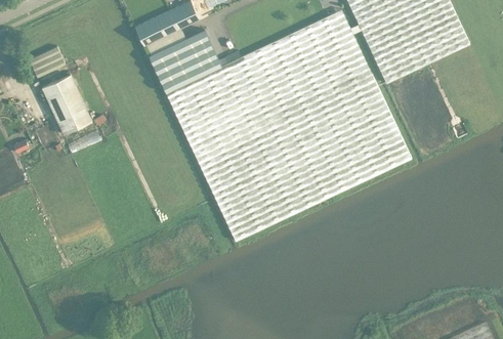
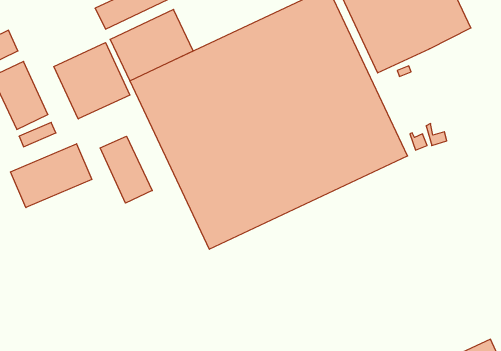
building: none -> [54,43,130,119]
building: none -> [100,136,152,203]
building: none -> [11,144,92,208]

